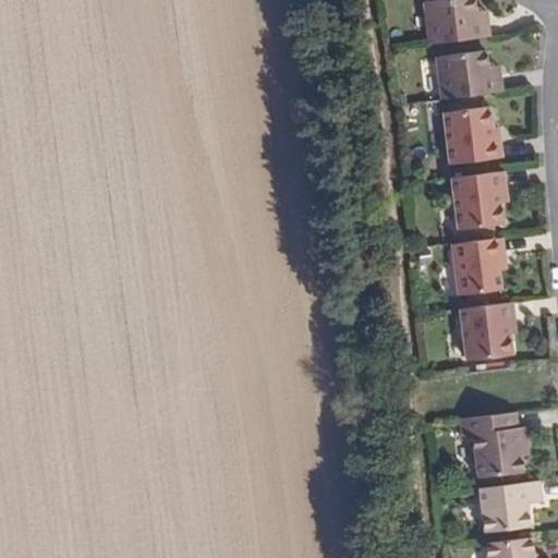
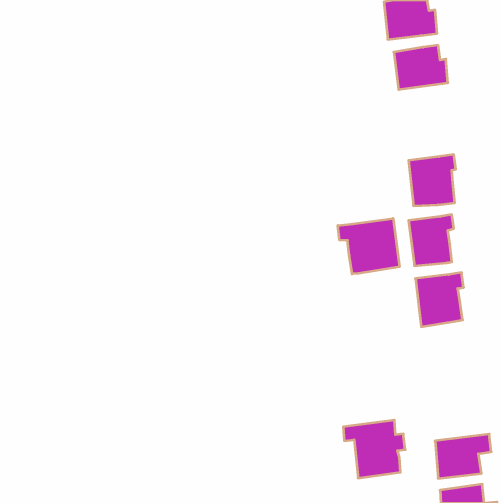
building: [444,107,501,165] -> none
building: none -> [338,218,399,274]
building: [459,412,527,476] -> [343,420,405,478]

